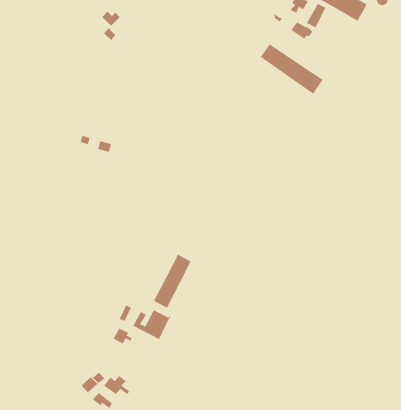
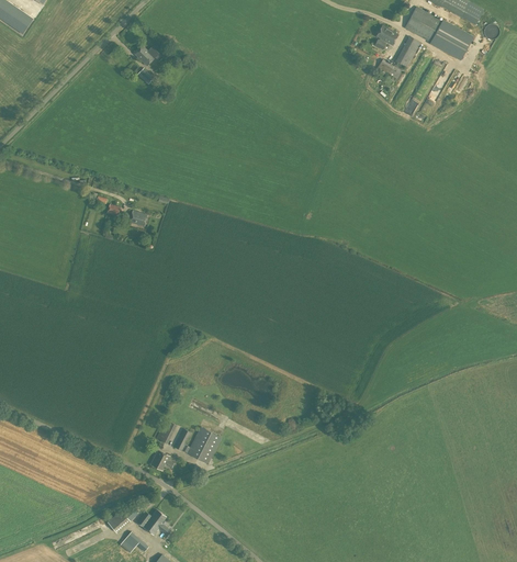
building: [260,44,323,94] -> none
building: [153,254,191,308] -> none

